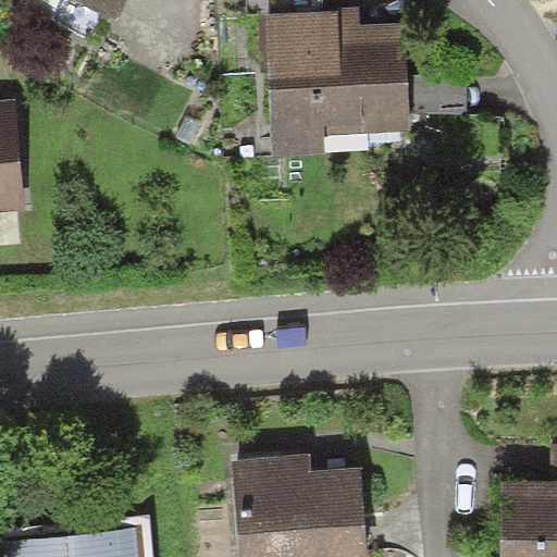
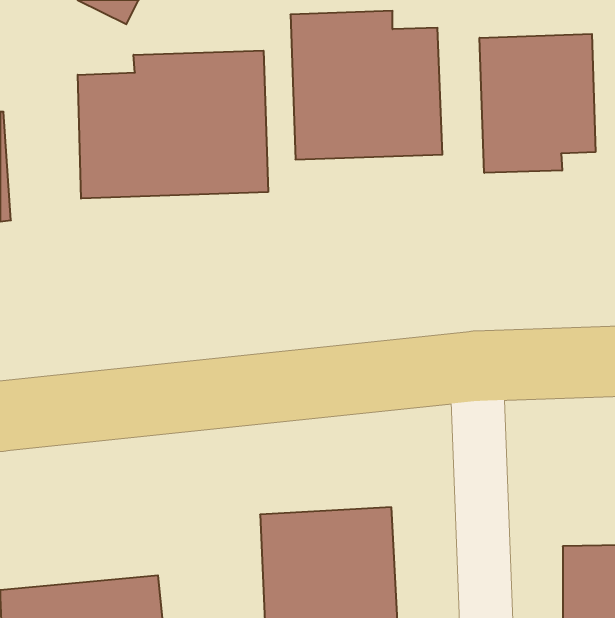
building: none -> [480,34,595,173]
building: none -> [78,51,268,199]

